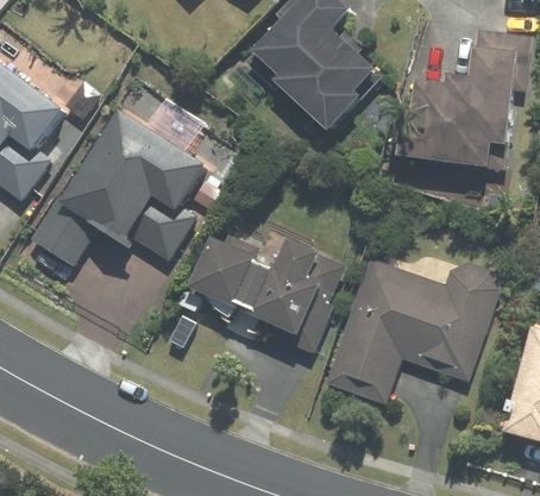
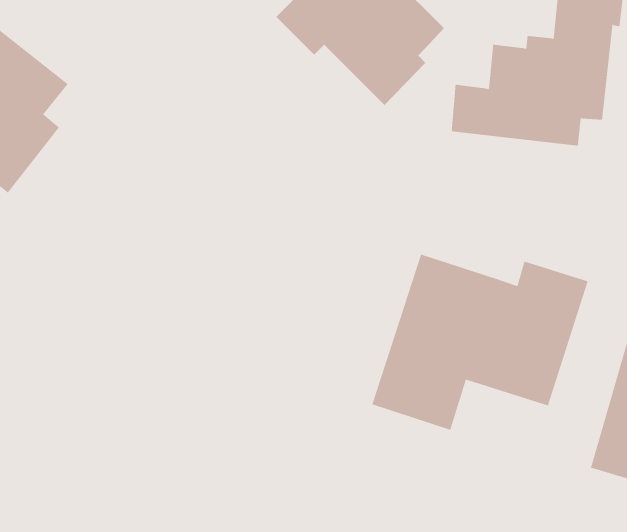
building: [27,109,211,269] -> none
building: [190,238,344,337] -> none

